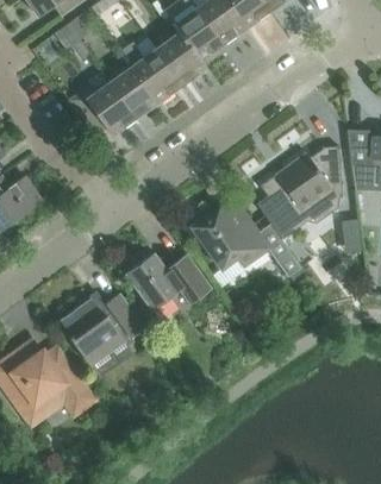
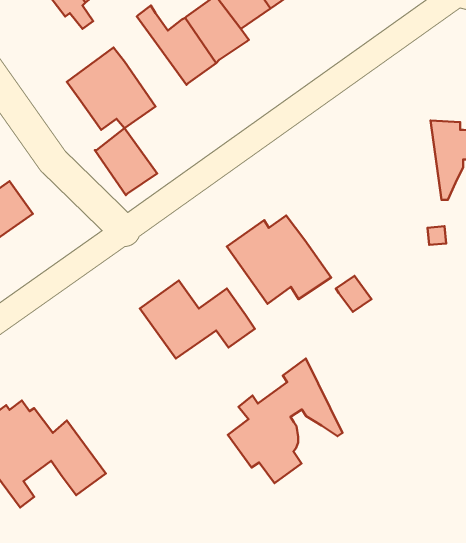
building: [113,68,161,119] -> [95,128,157,195]
building: [257,146,343,238] -> none
building: [61,293,146,367] -> none
building: none -> [228,359,343,483]

